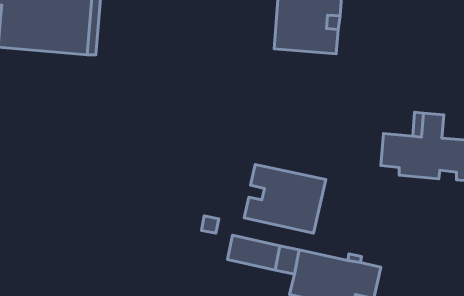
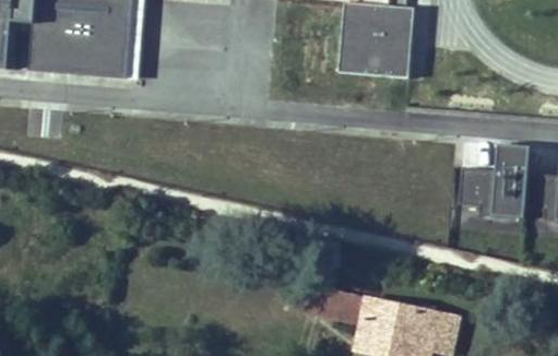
building: [244,164,326,233] -> none

